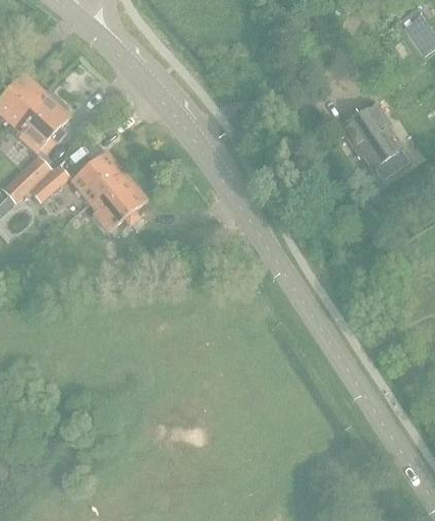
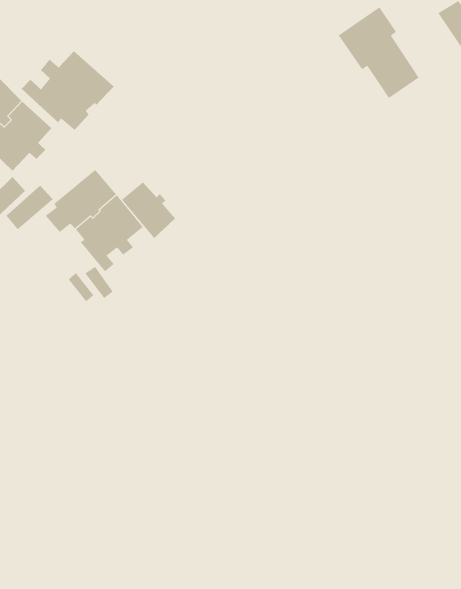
building: none -> [21,51,114,131]
building: [338,101,407,179] -> [338,7,420,99]
building: none -> [121,182,176,239]

